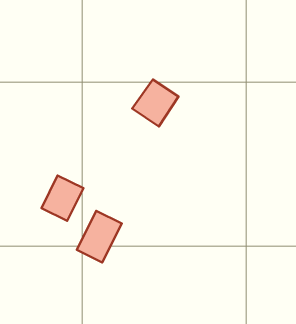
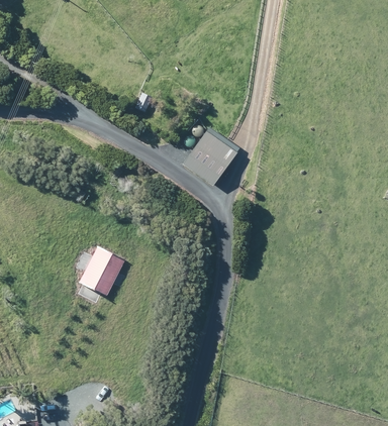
building: [77,211,122,263] -> none

